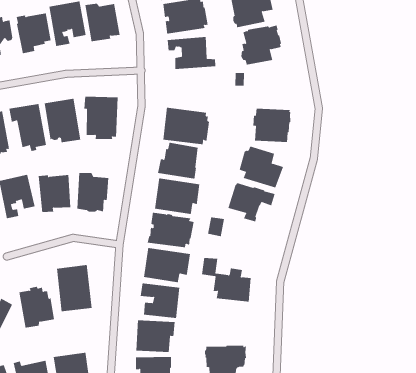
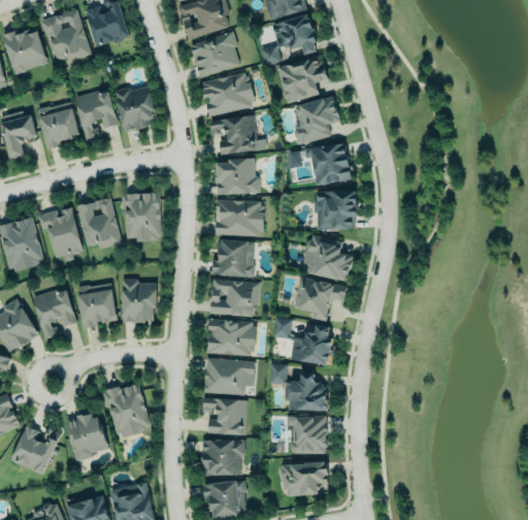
building: none -> [304,142,352,185]
building: none -> [214,158,259,195]
building: none -> [290,326,333,367]
building: none -> [290,416,325,453]

